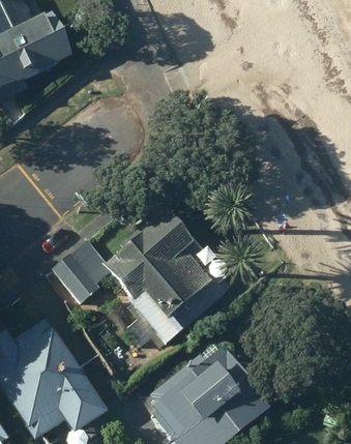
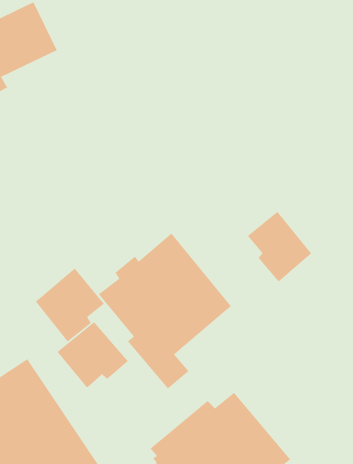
building: none -> [247,211,312,282]
building: none -> [56,321,129,389]

